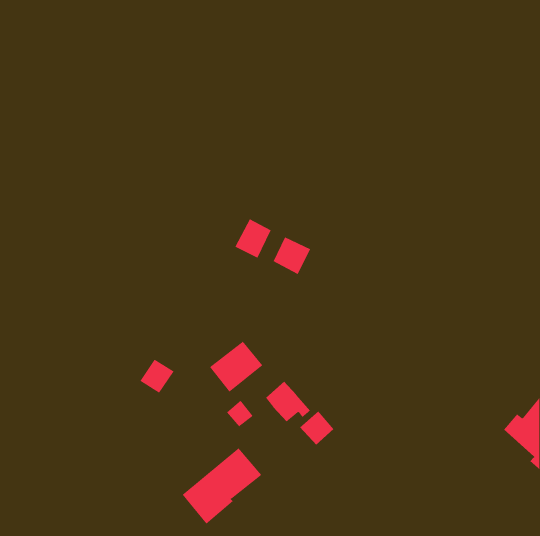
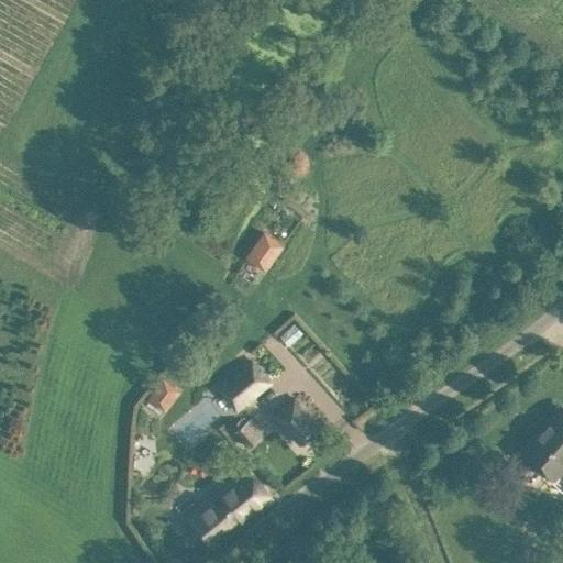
building: [273,236,311,275] -> none
building: [299,410,334,445] -> none

